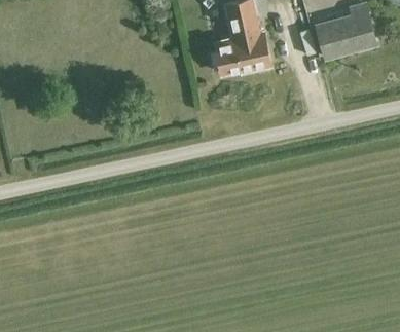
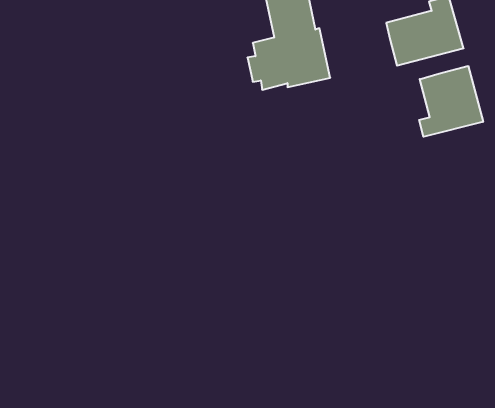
building: none -> [419,66,483,137]

